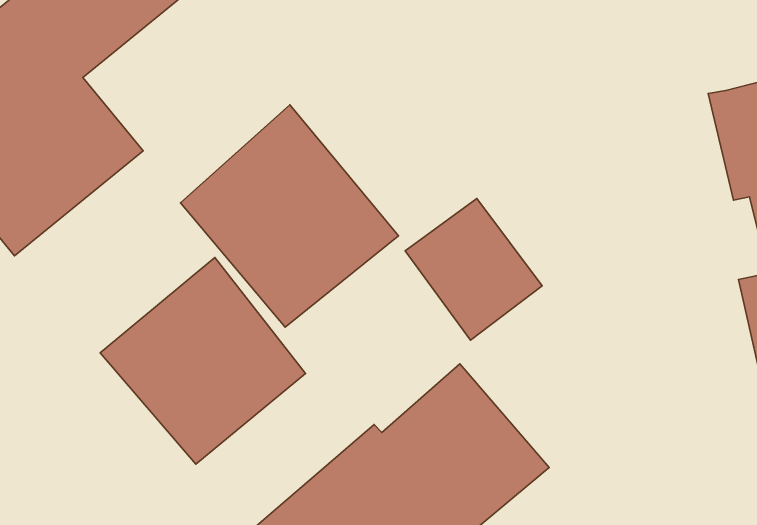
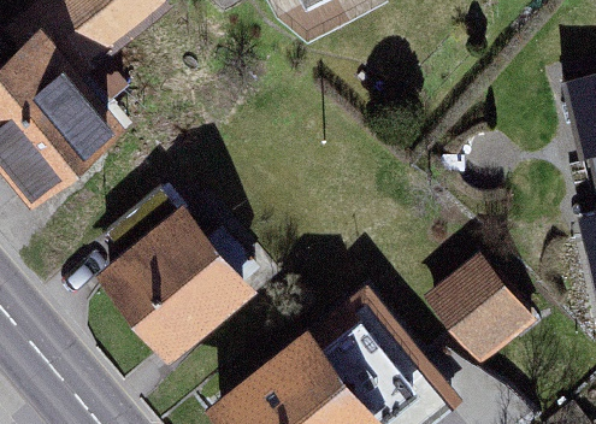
building: [181,105,399,327] -> none
building: [405,198,542,340] -> [427,260,531,367]

